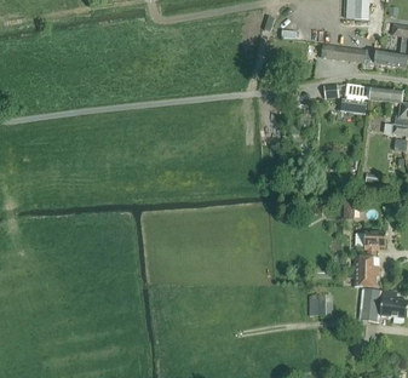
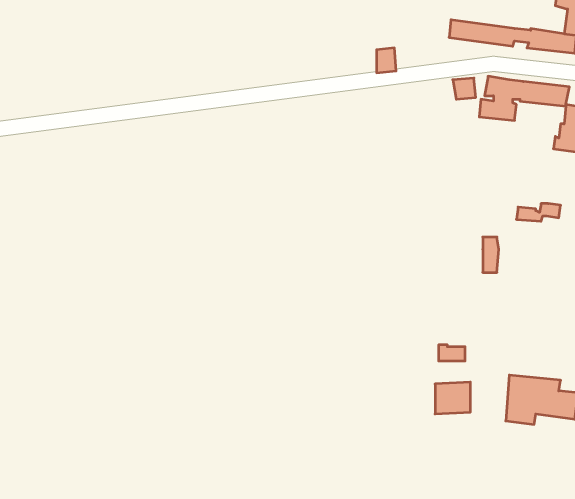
building: [352,231,385,285] -> none

